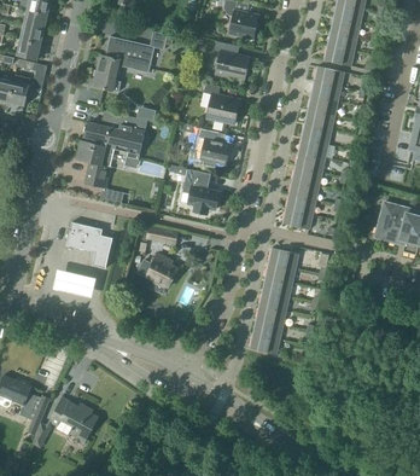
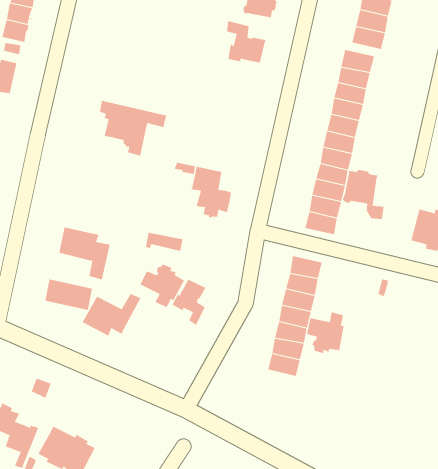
building: [93,33,168,92] -> none
building: [204,83,239,124] -> none
building: [76,123,117,188] -> none
building: [197,130,229,164] -> none
building: none -> [342,169,384,220]
building: none -> [172,279,206,326]
building: none -> [82,293,141,337]
building: none -> [307,312,344,354]

